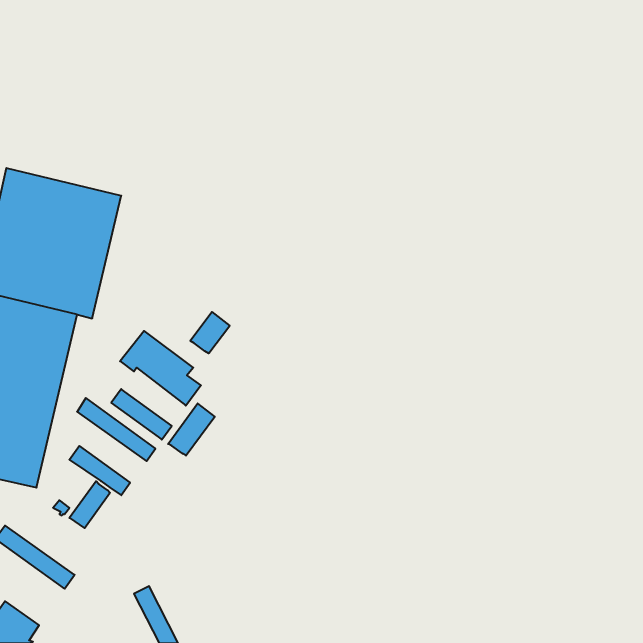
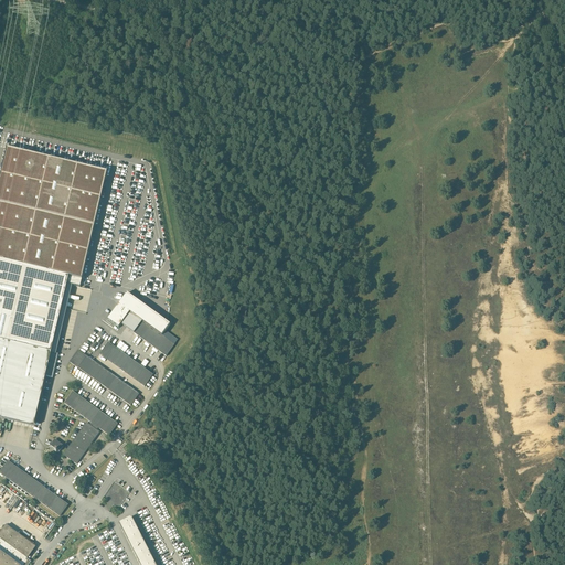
building: [190,312,230,353] -> none
building: [168,403,215,456] -> none

